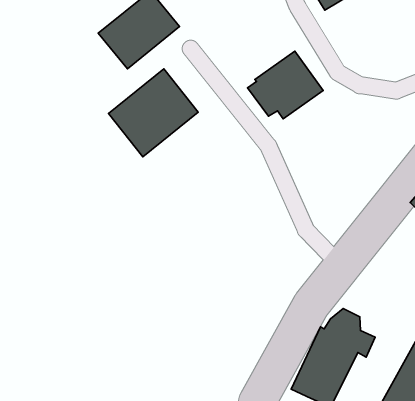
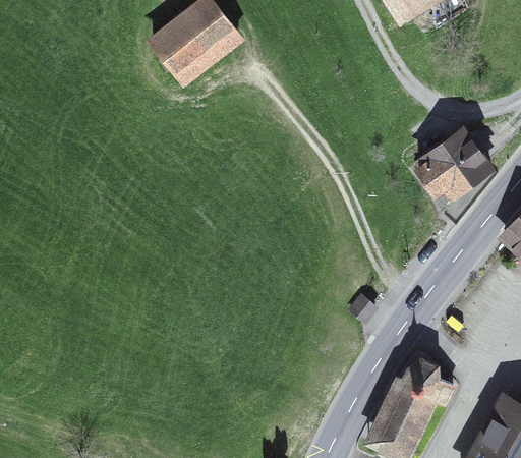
building: [247,51,323,119] -> [412,123,497,198]
building: [109,69,198,157] -> none

